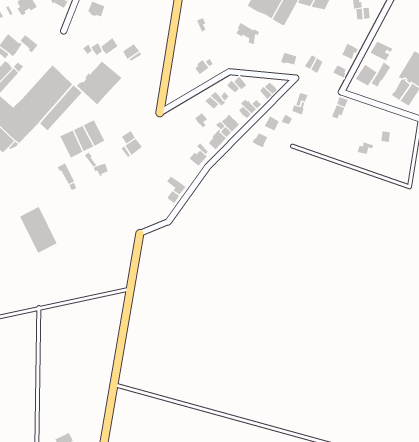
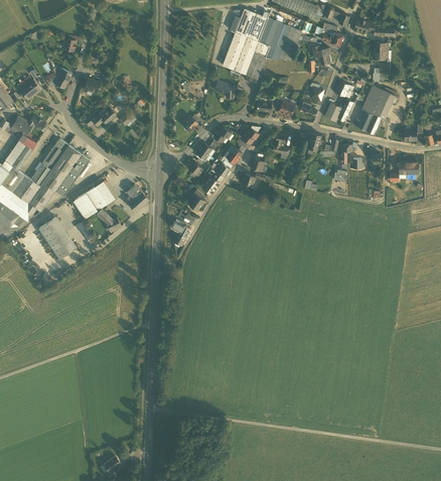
building: [76,61,122,105] -> none
building: [19,206,58,254] -> [38,216,75,257]

